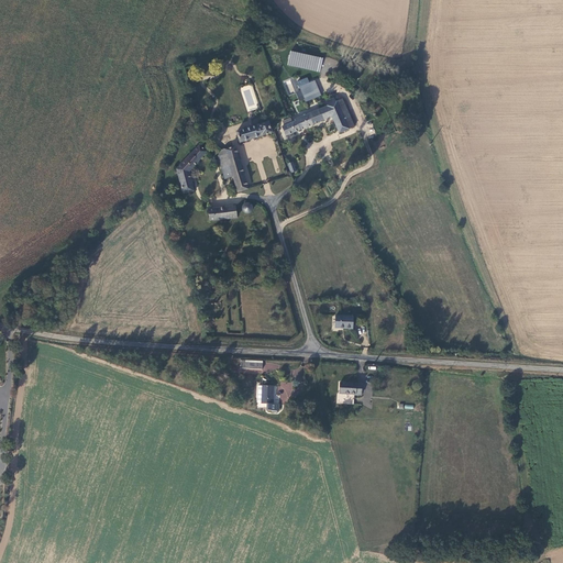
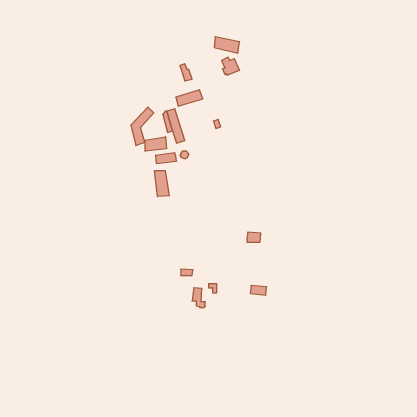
building: [284,98,354,134] -> none
building: none -> [145,137,166,151]
building: none -> [155,171,169,197]

